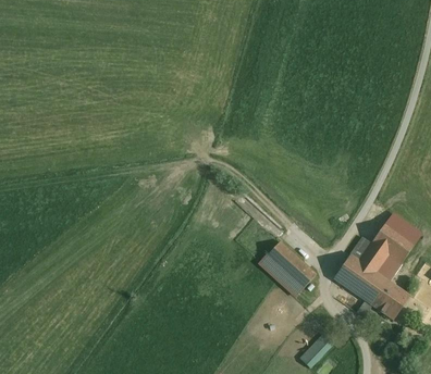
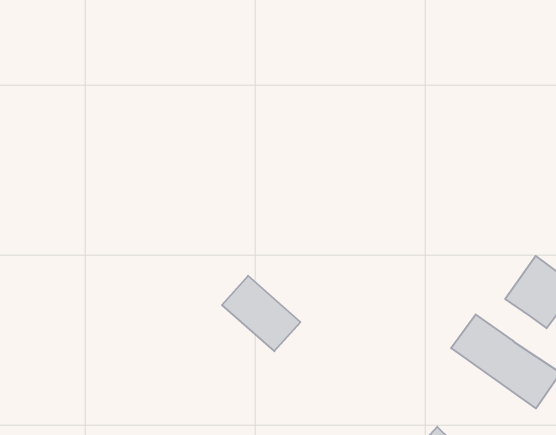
building: [350,236,389,272] -> none
building: [261,241,317,295] -> [222,276,300,351]

